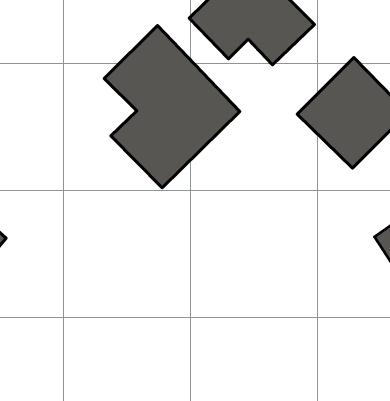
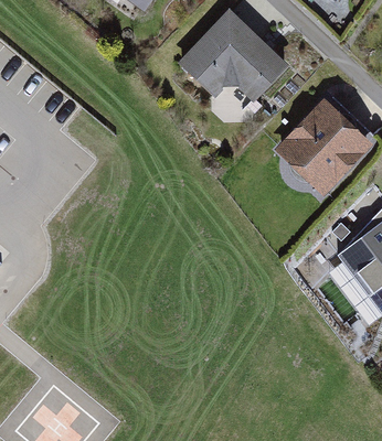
building: [104,26,240,188] -> none

